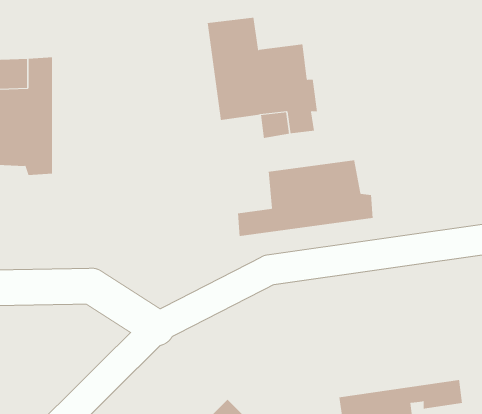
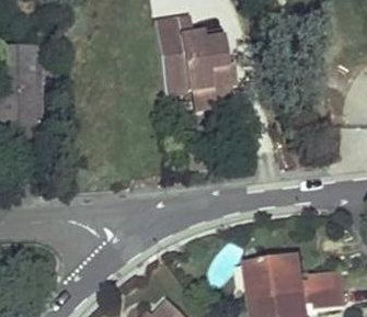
building: [237,159,373,237] -> none
building: none -> [243,256,342,299]

